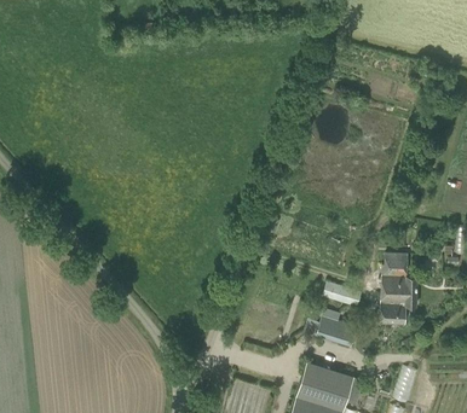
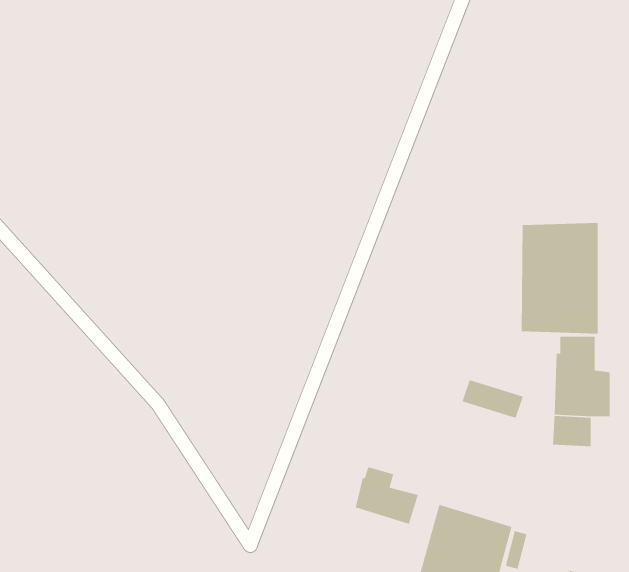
building: none -> [521,222,599,334]
building: [315,308,356,345] -> [355,466,419,525]

